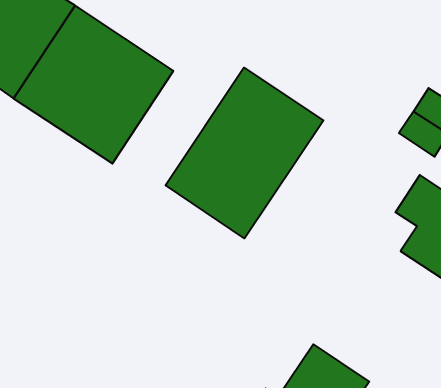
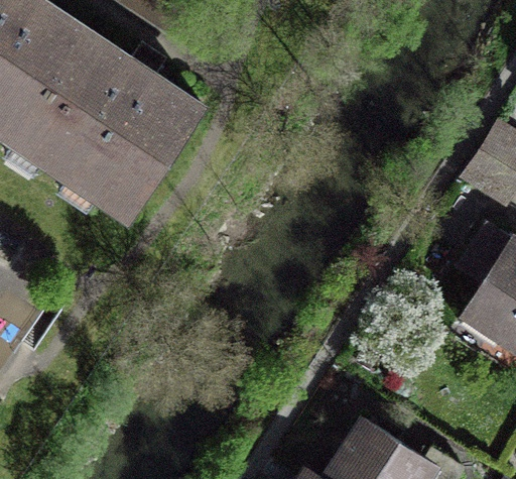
building: [166,68,323,238] -> none

